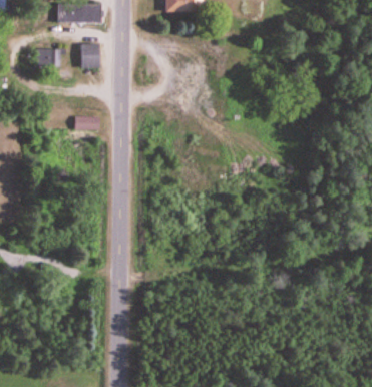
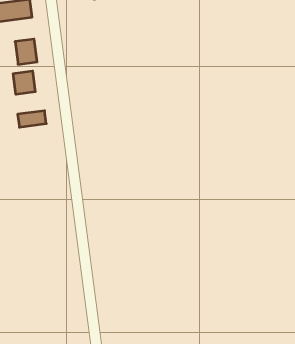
building: none -> [13,71,35,94]

